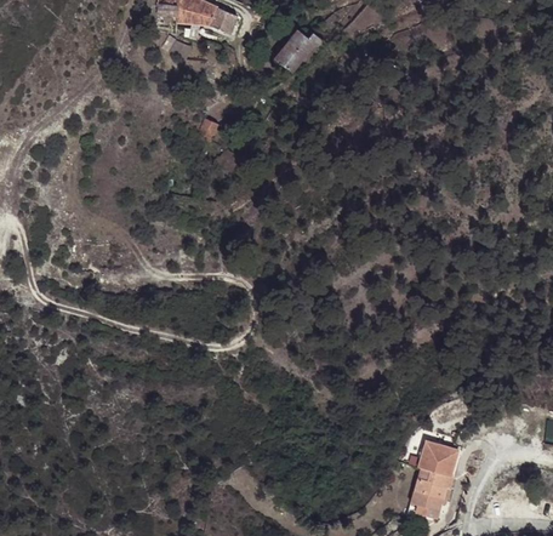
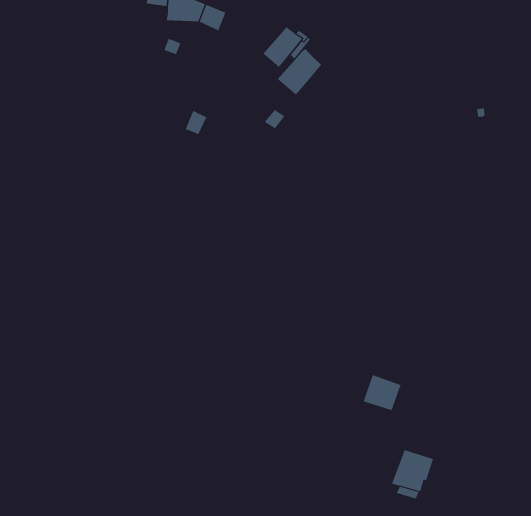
building: none -> [277,48,322,95]
building: [420,438,460,475] -> [363,374,402,411]

